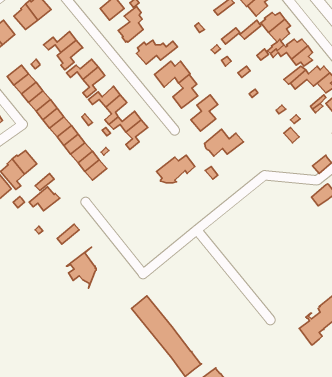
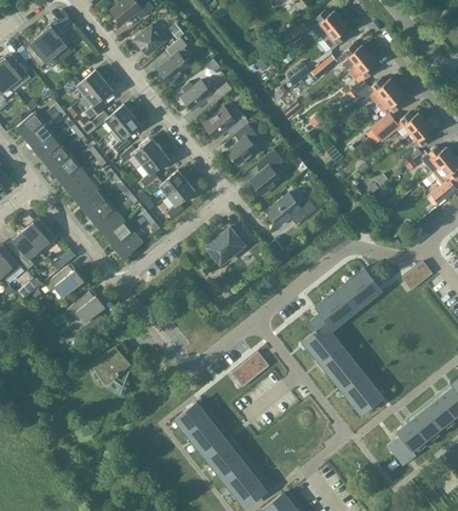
building: none -> [303,268,382,415]
building: none -> [64,291,104,322]
building: none -> [231,351,269,386]

